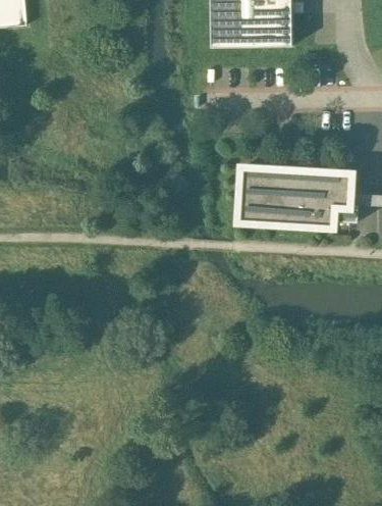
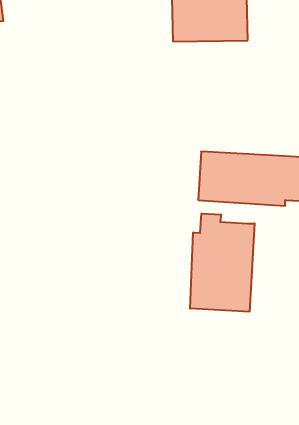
building: none -> [190,213,255,312]

